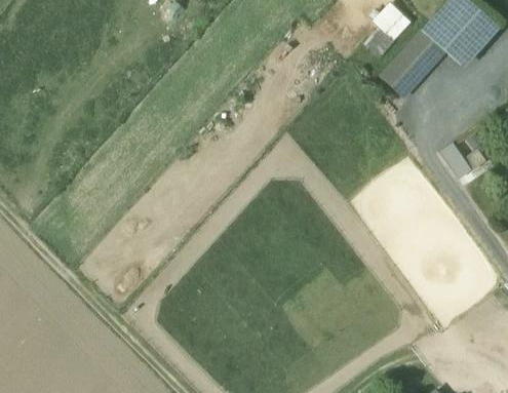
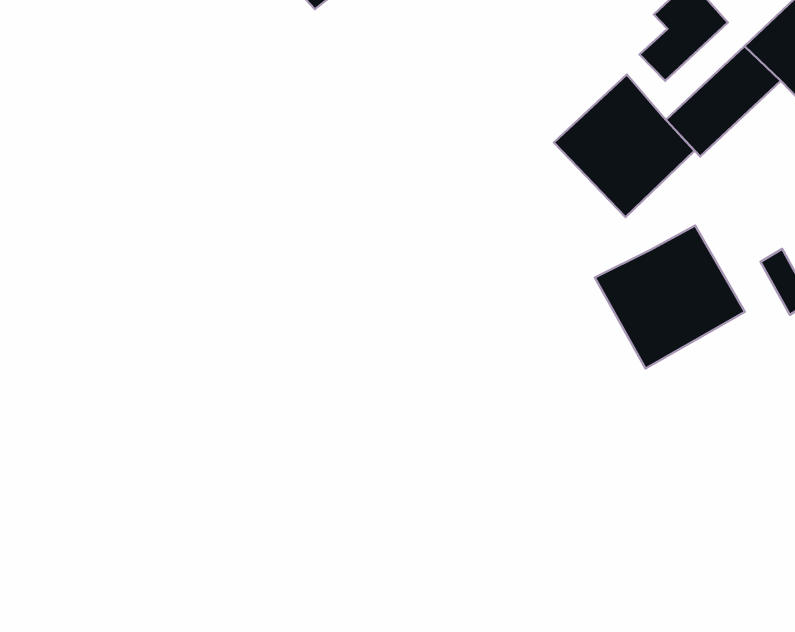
building: none -> [554,74,694,217]
building: none -> [595,225,745,369]

